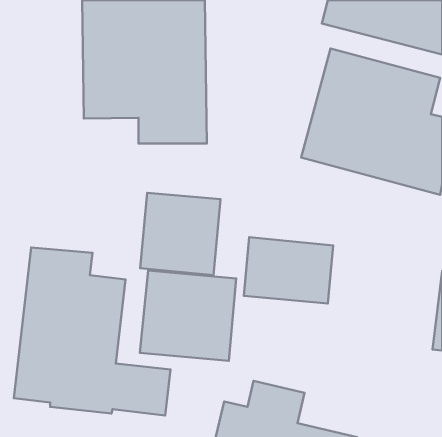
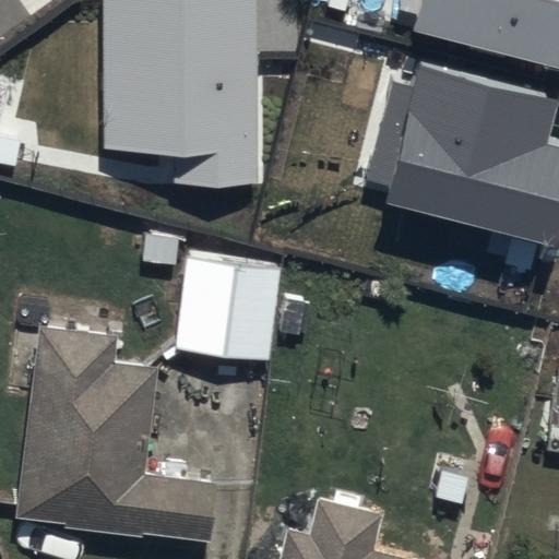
building: [244,237,333,303] -> none
building: [140,270,236,361] -> none

